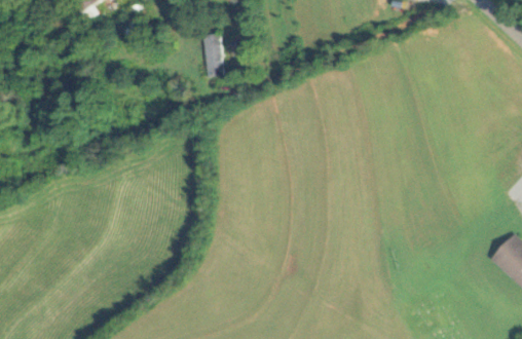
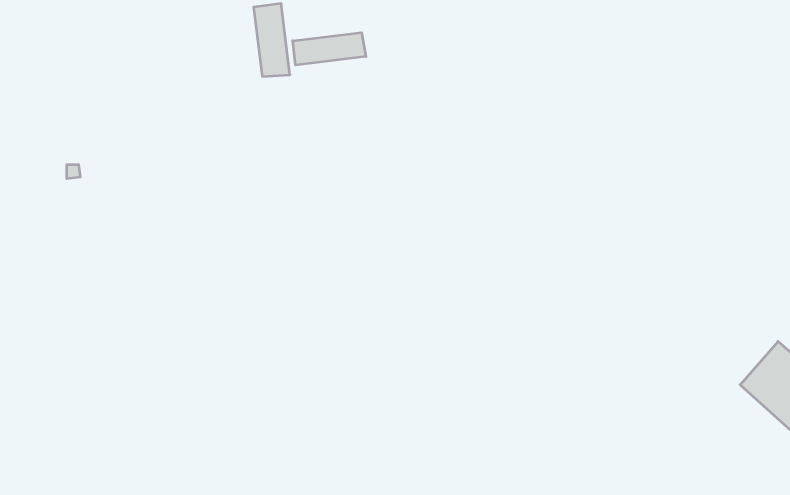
building: none -> [293,33,366,65]

